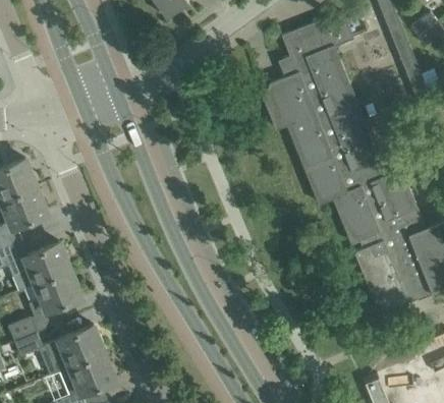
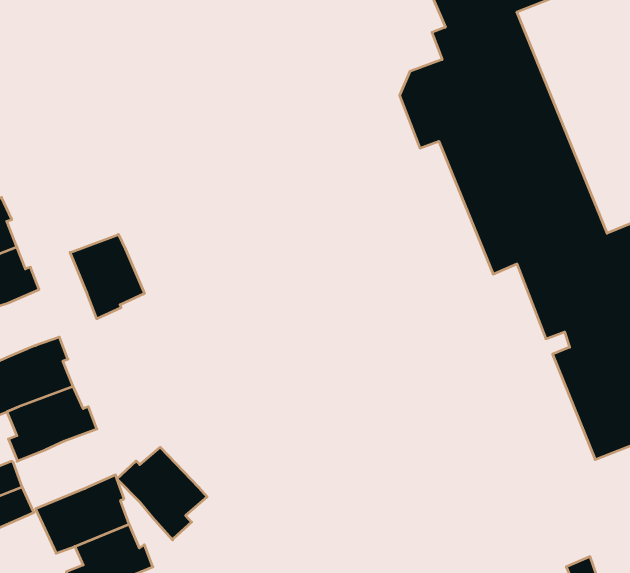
building: none -> [70,234,144,319]
building: none -> [117,447,207,540]

